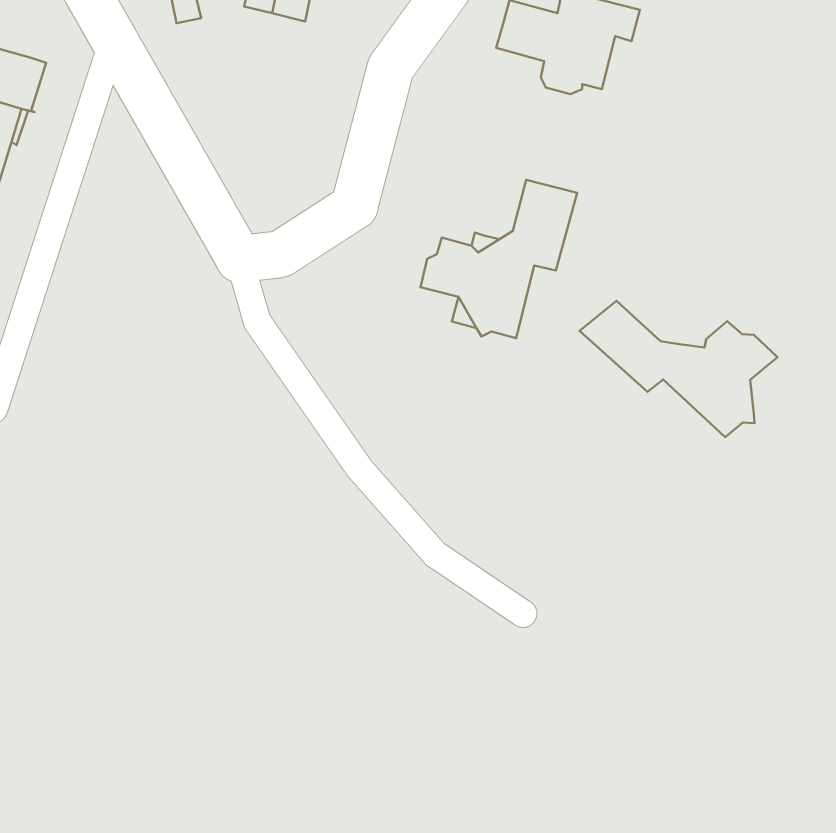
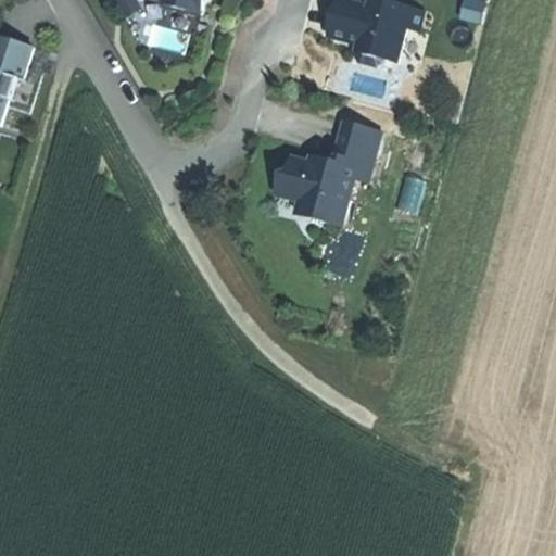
building: [580,301,777,437] -> none

